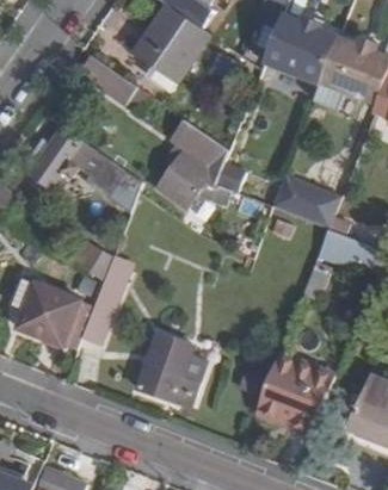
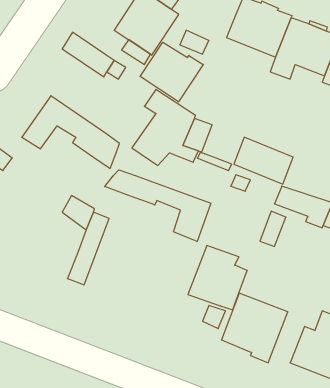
building: none -> [140,42,203,102]
building: none -> [105,170,211,241]
building: [13,280,93,349] -> none
building: [136,331,204,405] -> [188,246,247,310]

